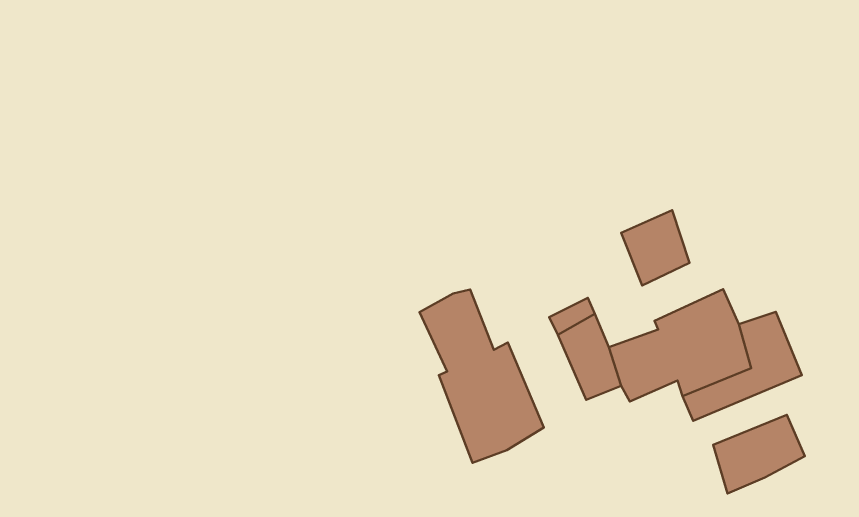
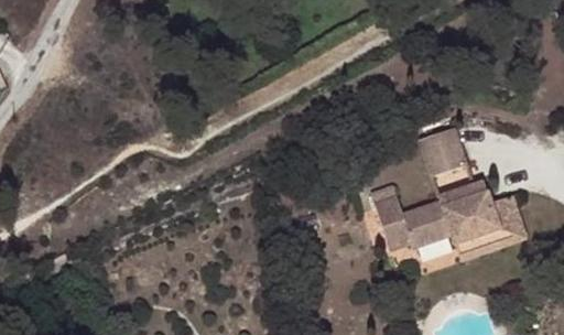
building: [420,289,544,463] -> none
building: [713,415,805,493] -> none

